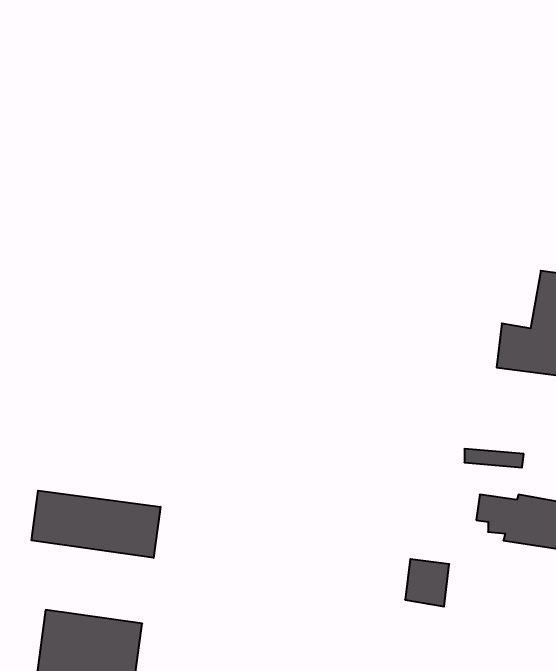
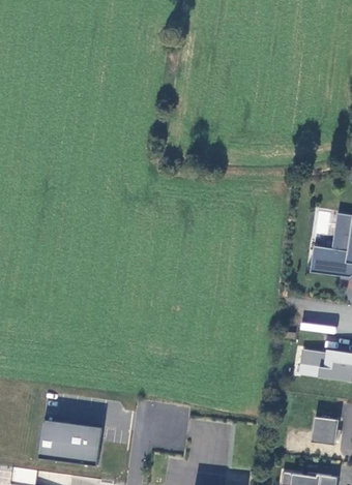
building: [32,491,160,558] -> none
building: [405,559,449,607] -> [312,417,339,446]

